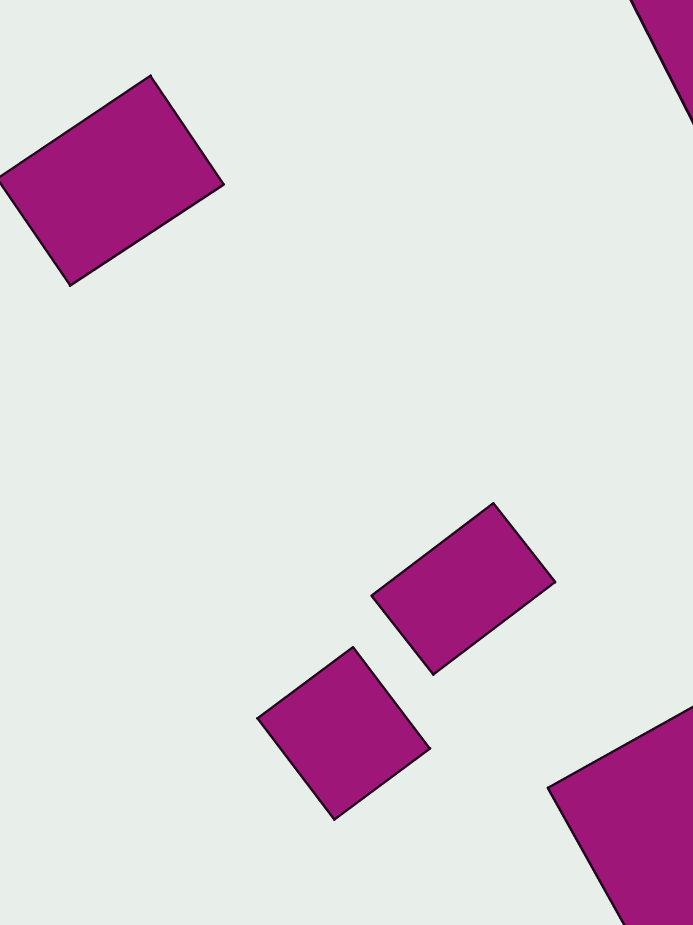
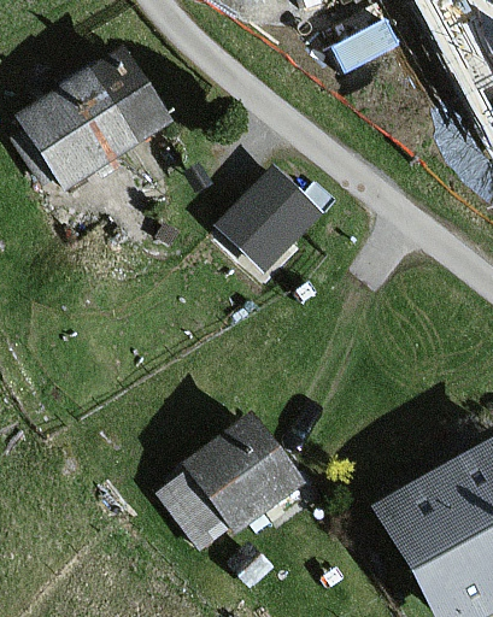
building: none -> [221,170,317,266]
building: [372,503,555,675] -> none

